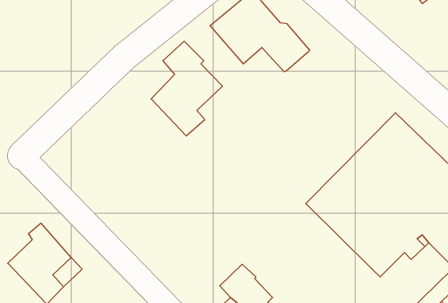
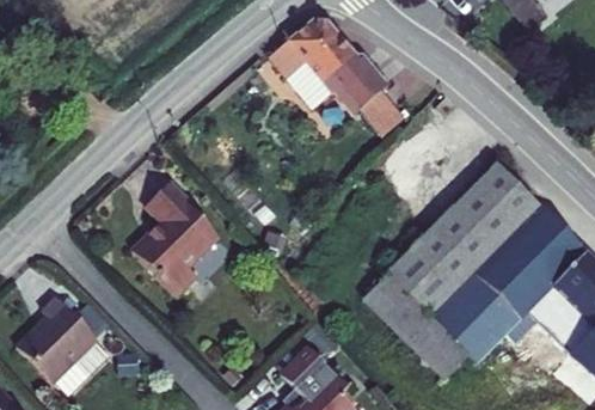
building: [151,41,222,136] -> [135,178,222,294]
building: none -> [362,87,409,134]
building: none -> [362,275,467,379]

